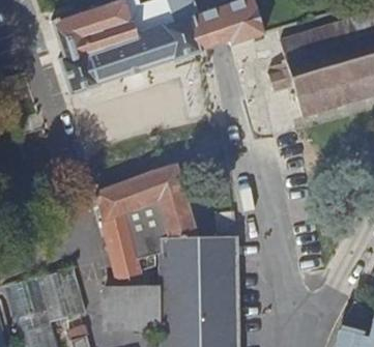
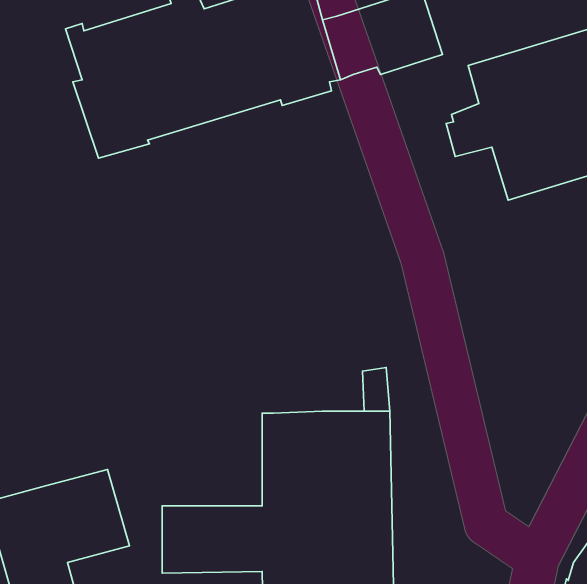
building: [97,166,198,279] -> none

